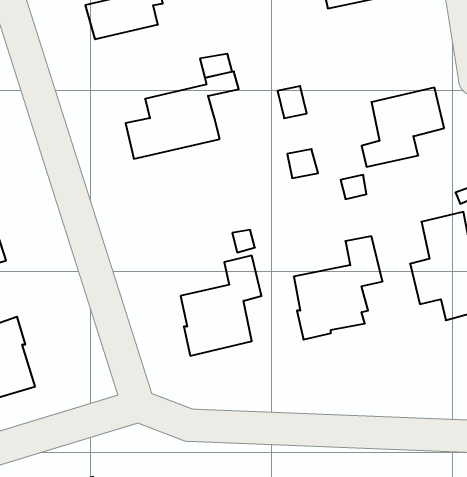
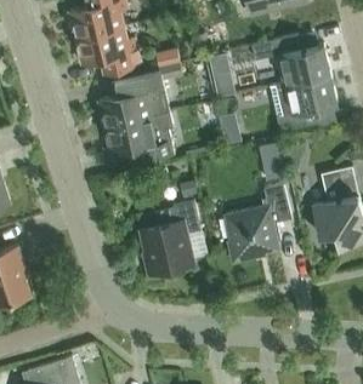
building: none -> [75,27,140,75]
building: none -> [251,35,330,85]
building: none -> [104,113,174,165]

